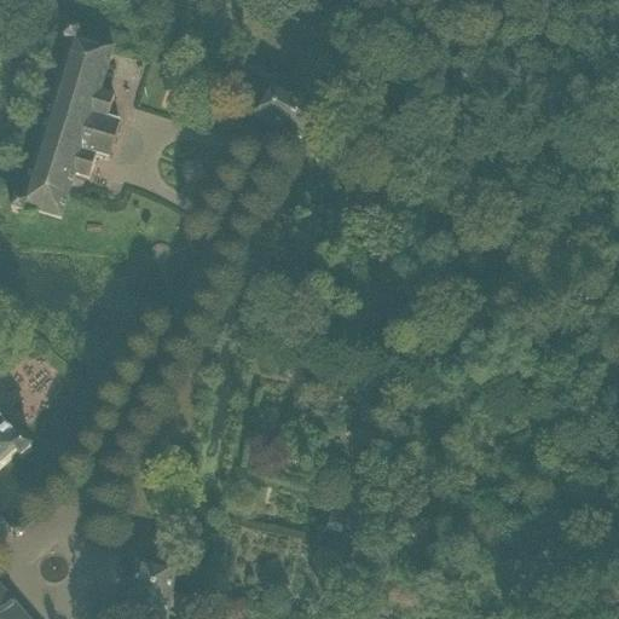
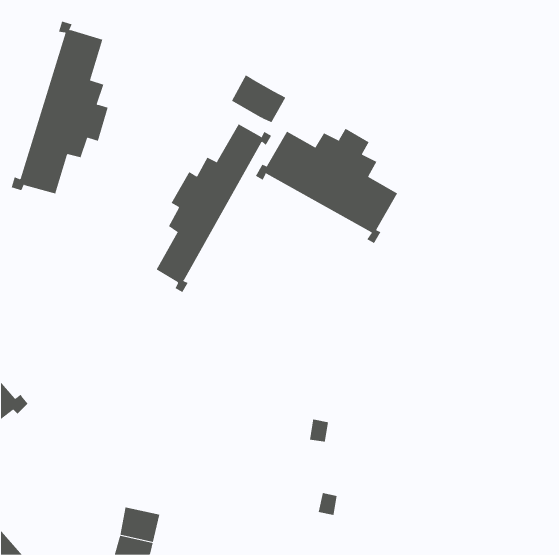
building: none -> [156,123,272,293]
building: none -> [255,128,398,244]

